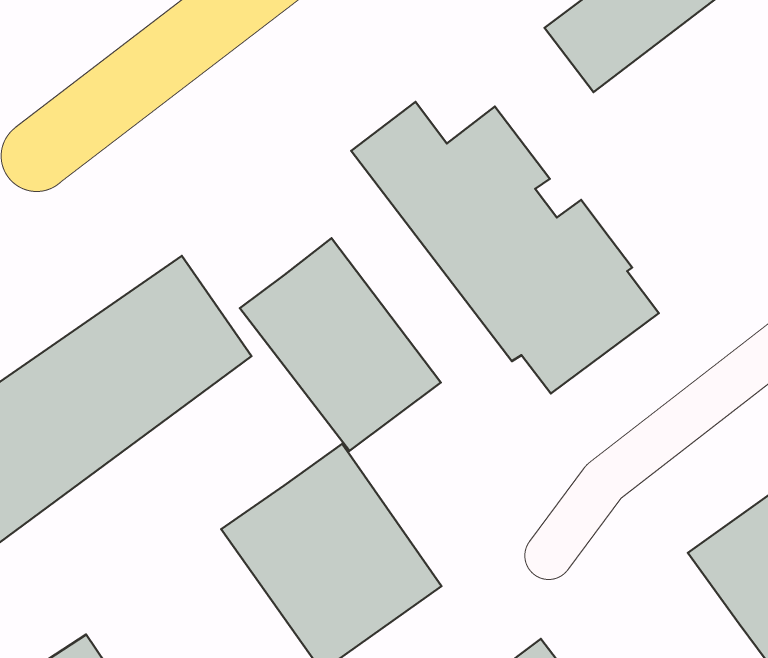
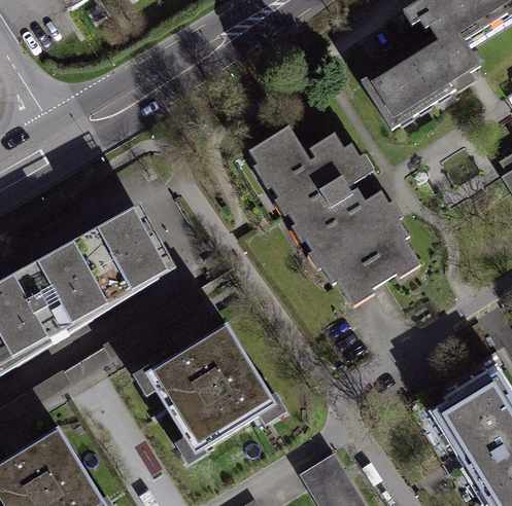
building: [240,238,441,451] -> none

